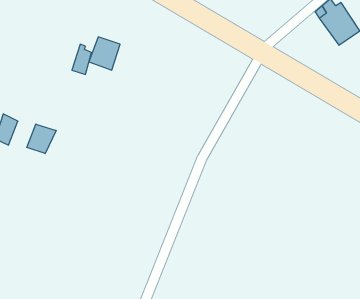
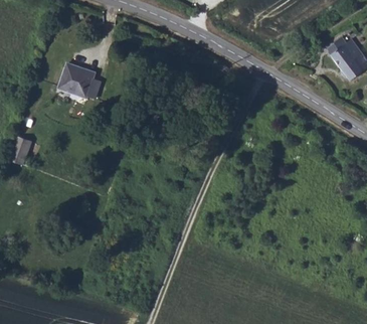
building: [89,37,120,70] -> [63,65,94,98]
building: [27,124,56,154] -> none

